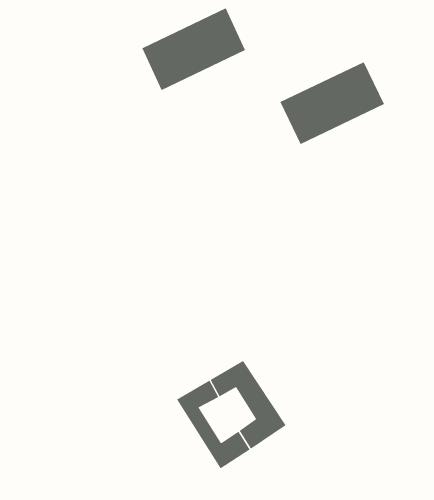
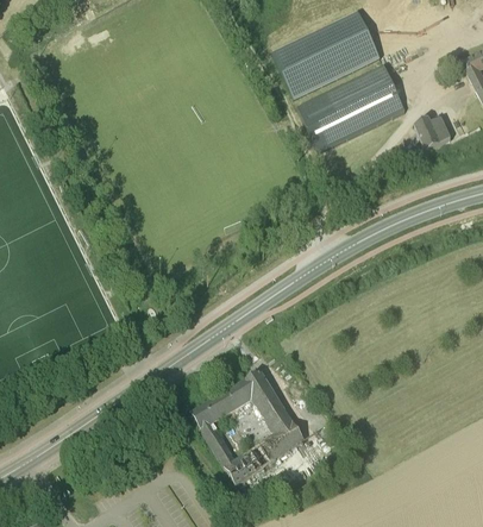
building: [142,7,246,91] -> [272,11,380,96]
building: none -> [415,113,451,150]

